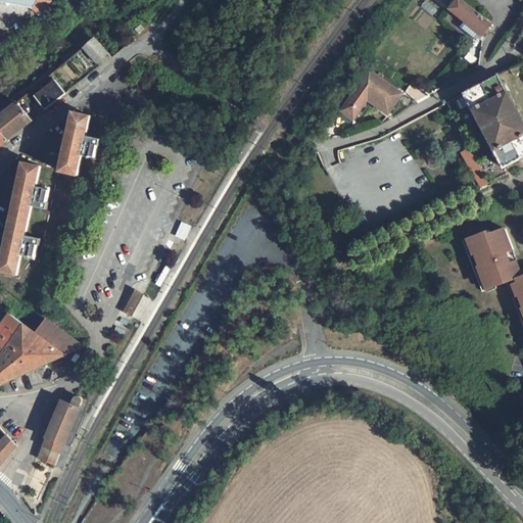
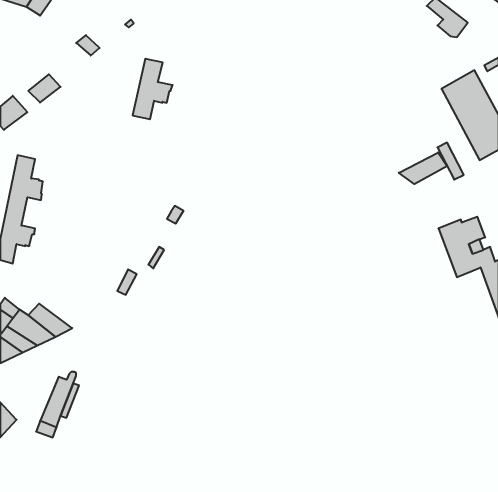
building: [341,73,401,123] -> none
building: [56,111,98,175] -> [133,59,173,119]
building: none -> [399,152,447,184]

